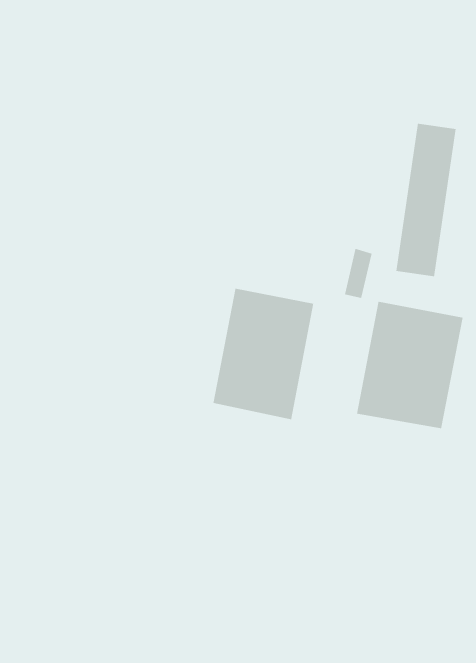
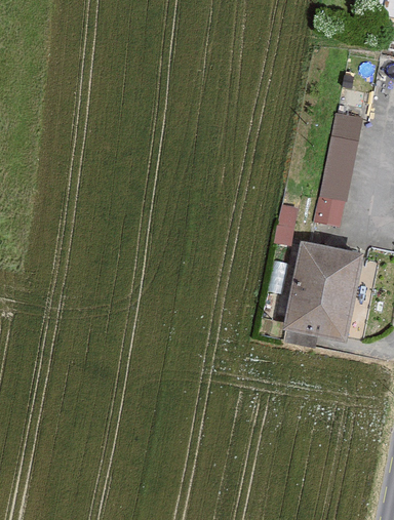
building: [213,288,314,420] -> none

